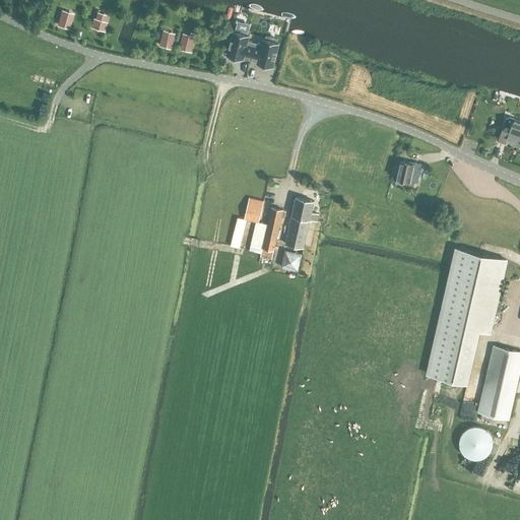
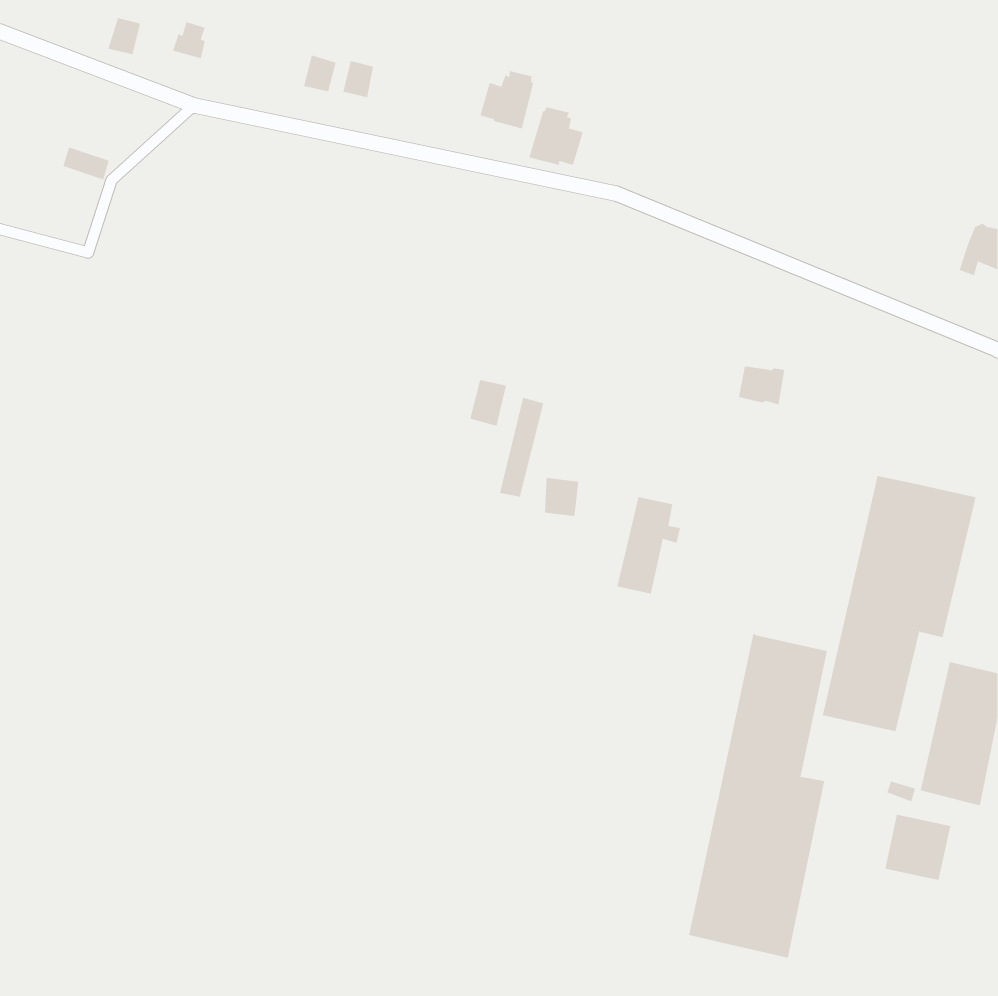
building: [225,31,254,62] -> [529,107,583,165]
building: [396,162,420,183] -> [738,366,785,405]
building: [284,198,318,249] -> [616,496,681,594]
building: none -> [688,633,827,958]

